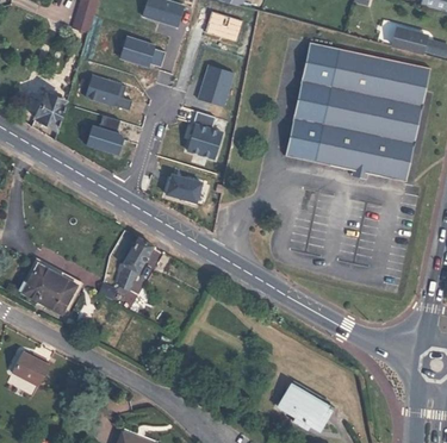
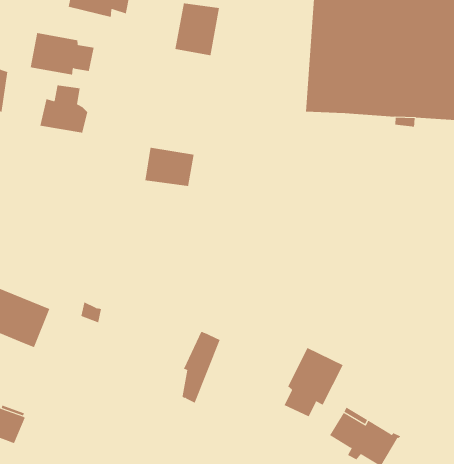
building: [184,111,224,158] -> none
building: [118,236,153,291] -> [182,331,221,403]
building: none -> [284,347,344,417]

